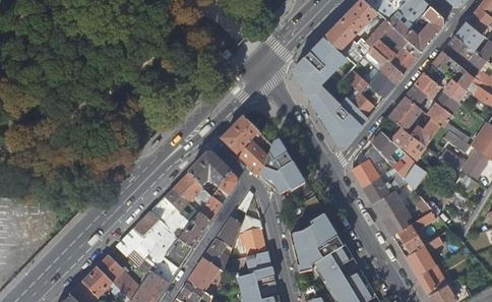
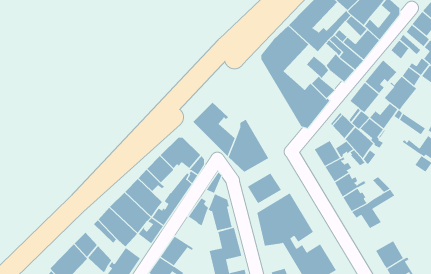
building: none -> [247,173,282,204]
building: [405,236,442,276] -> none
building: [202,239,232,273] -> none

